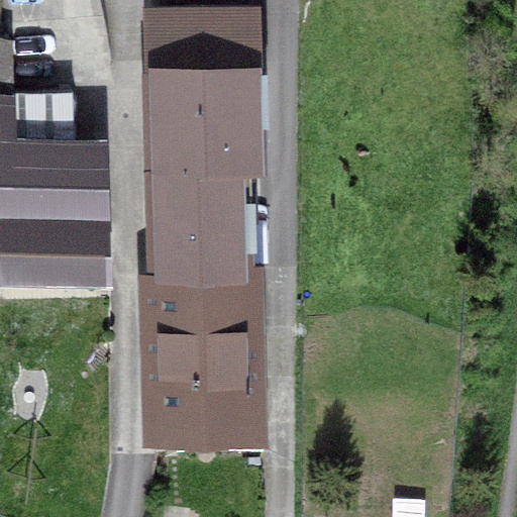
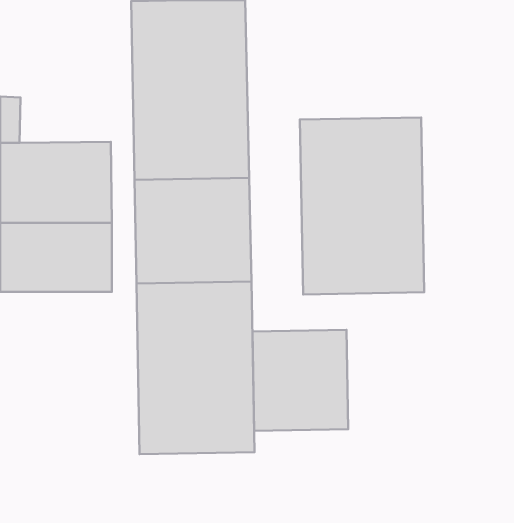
building: none -> [300,117,424,294]
building: none -> [252,330,348,431]

